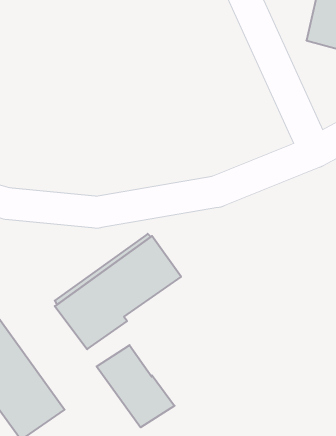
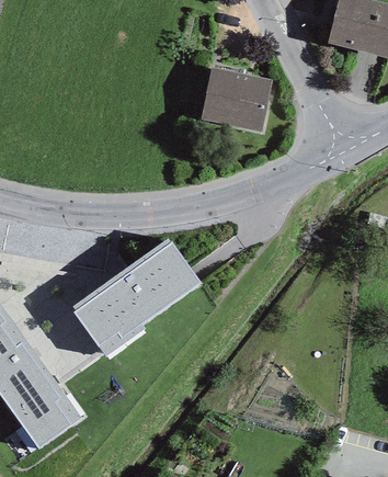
building: none -> [201,67,271,132]
building: [97,345,175,427] -> none

